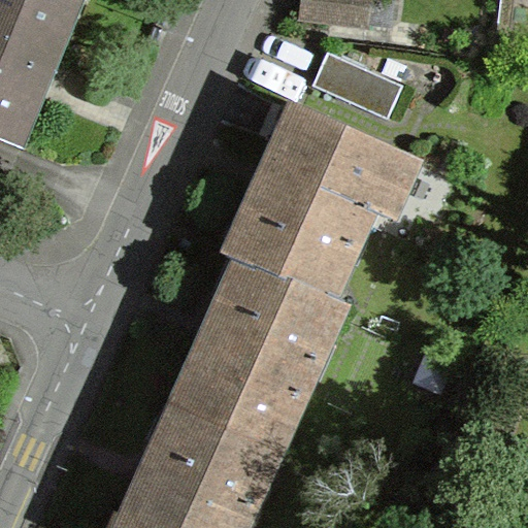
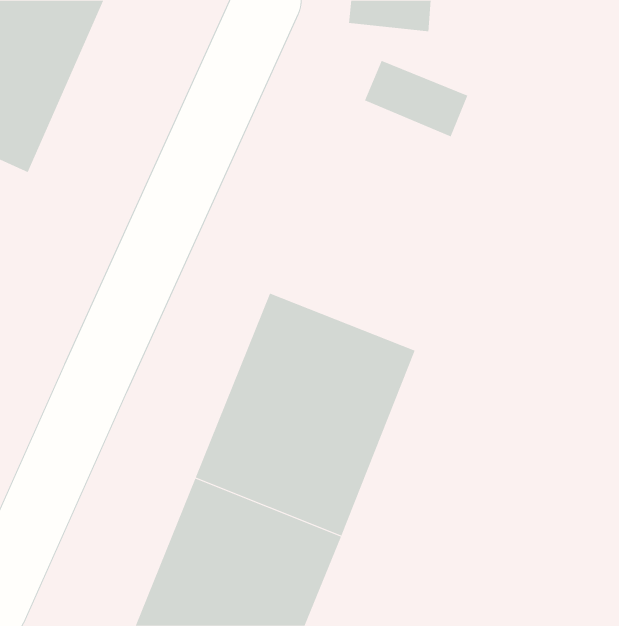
building: [227,95,410,295] -> none

